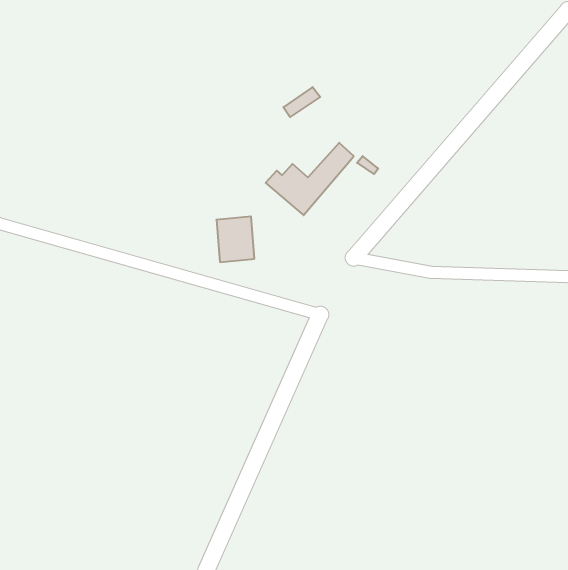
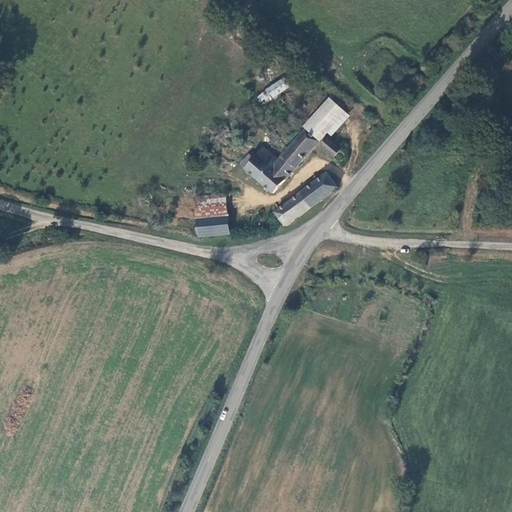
building: none -> [302,98,342,140]
building: none -> [276,174,335,224]

